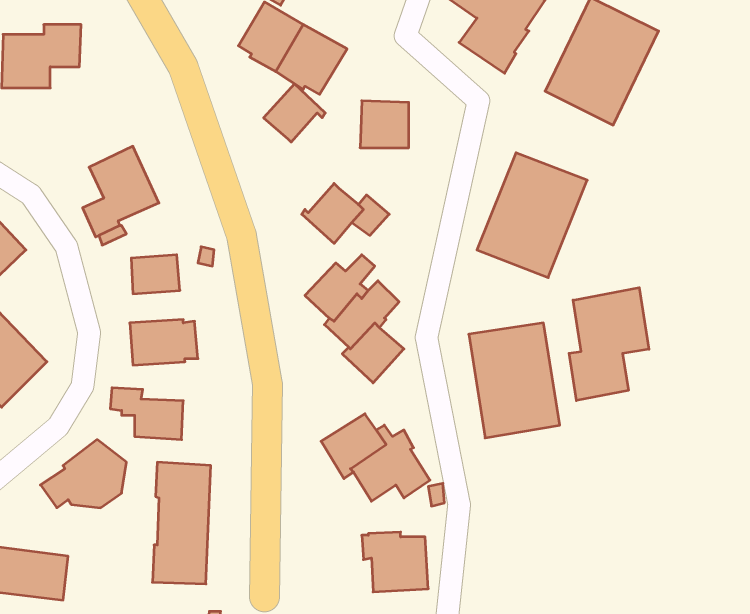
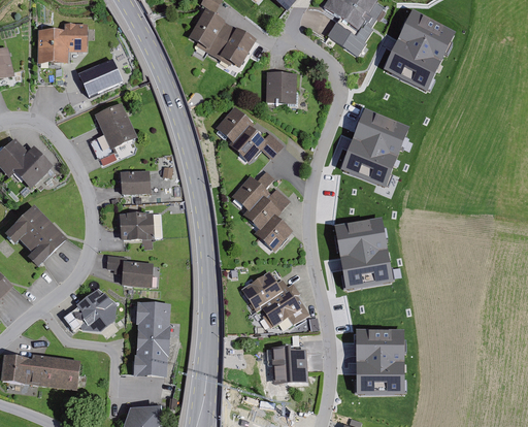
building: none -> [82,60,121,95]
building: [264,84,325,142] -> [214,106,254,143]
building: [569,288,649,401] -> none
building: none -> [355,326,403,392]

